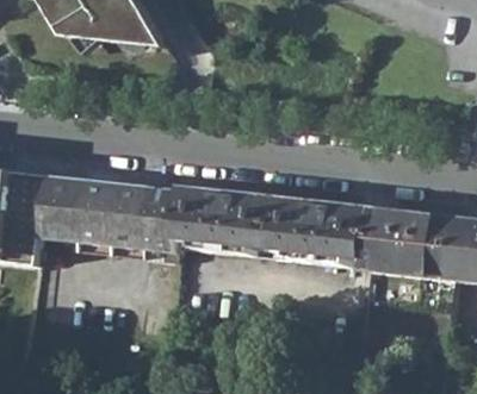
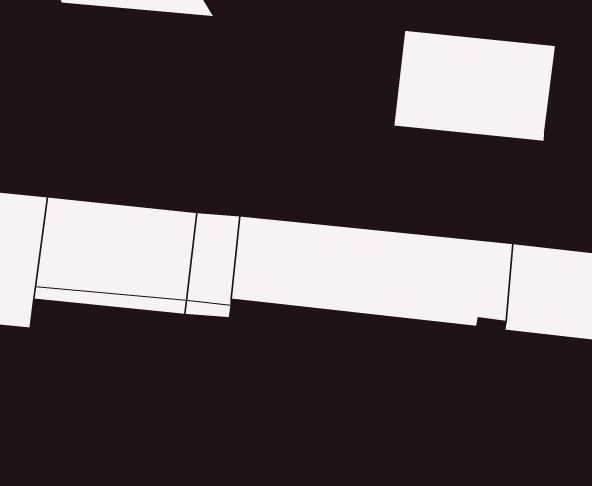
building: none -> [394,30,556,142]

